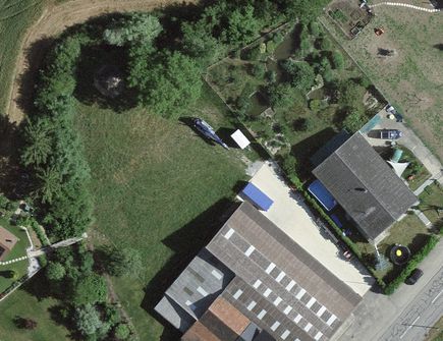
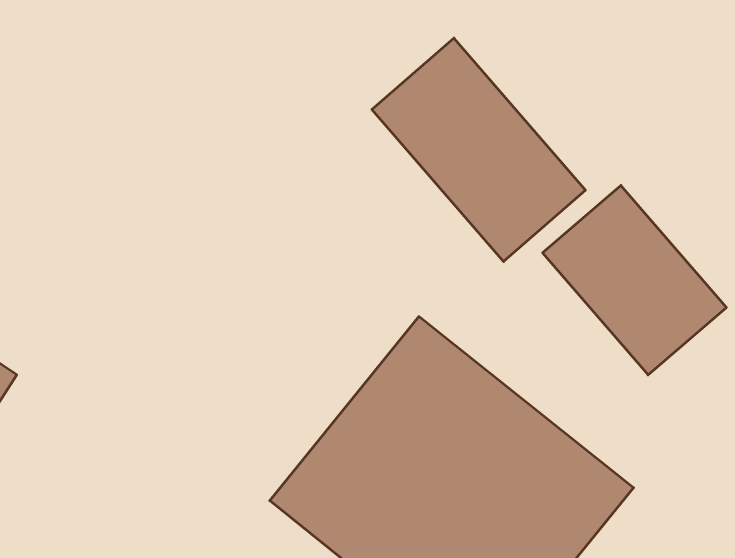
building: none -> [372,38,585,262]

